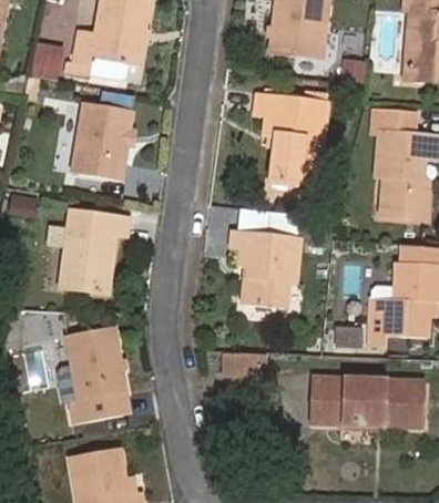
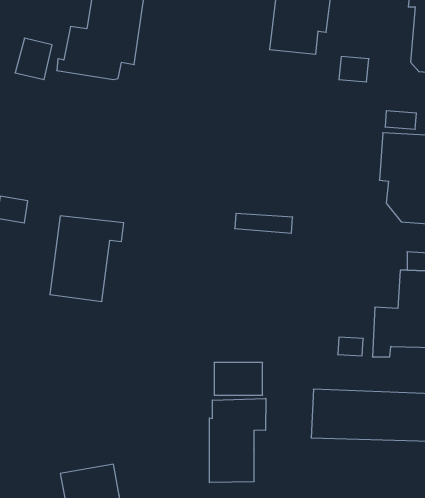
building: [254,78,328,185] -> none
building: [71,101,133,181] -> none
building: [229,233,300,308] -> none
building: [64,326,126,423] -> none
building: none -> [209,398,266,483]

